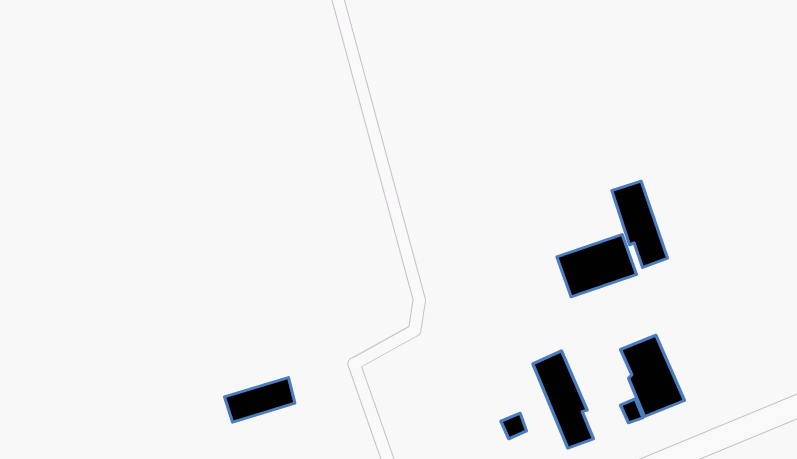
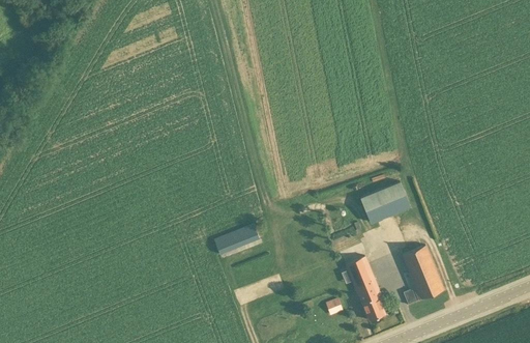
building: [612,181,668,268] -> none
building: [225,378,295,422] -> [214,224,260,253]

